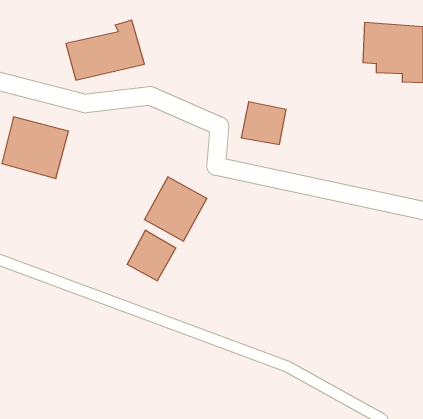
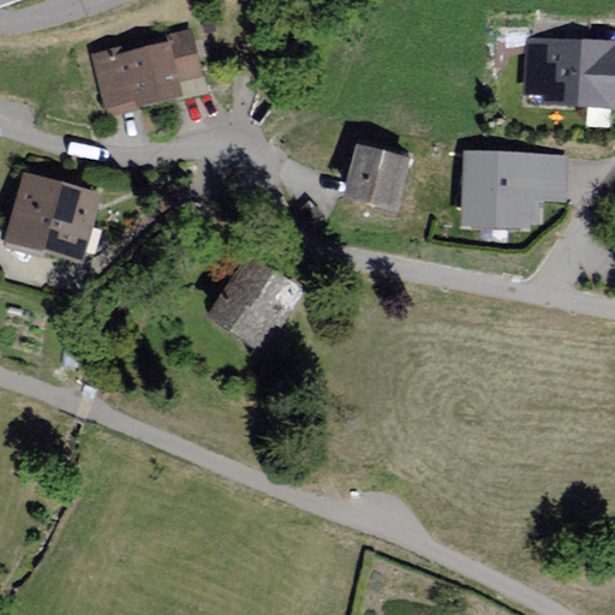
building: none -> [466,150,562,226]
building: [127,230,176,281] -> none

